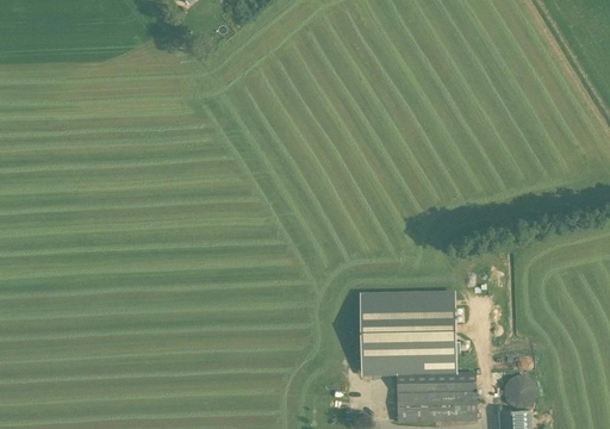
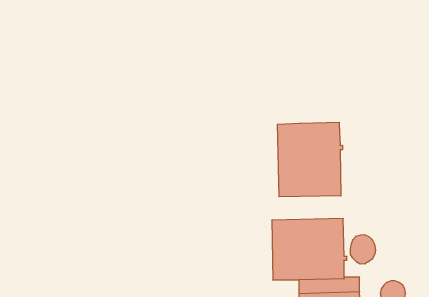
building: none -> [277,122,343,197]
building: none -> [350,235,375,264]

